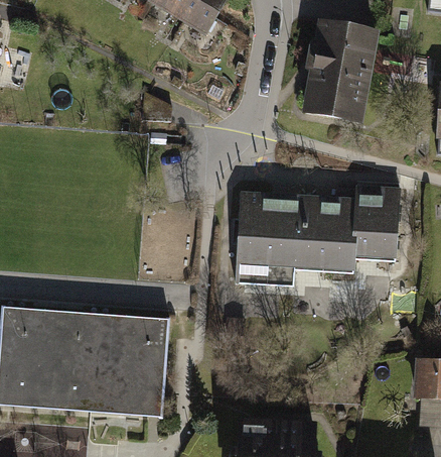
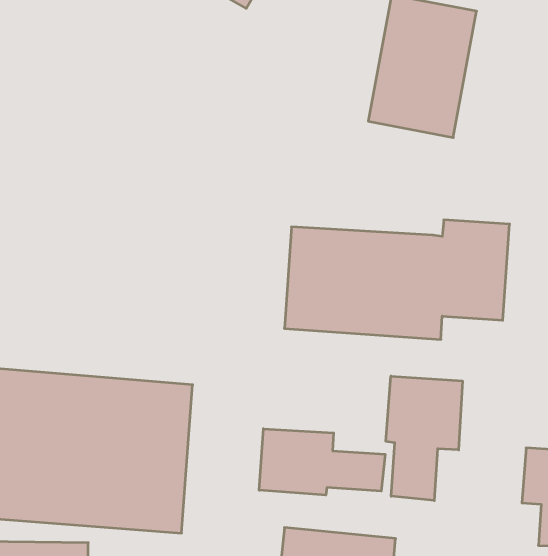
building: none -> [386,376,462,501]
building: none -> [259,429,385,495]

